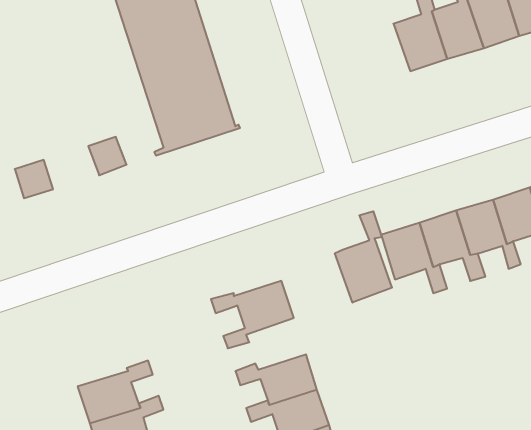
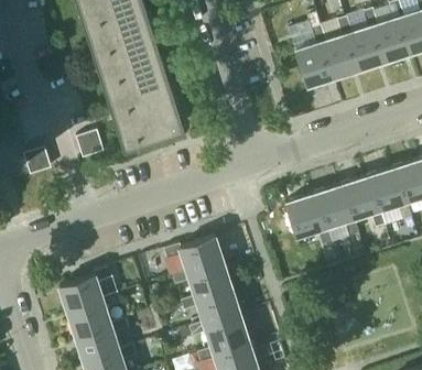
building: [335,211,392,303] -> none
building: none -> [187,264,230,302]
building: none -> [57,269,110,314]

